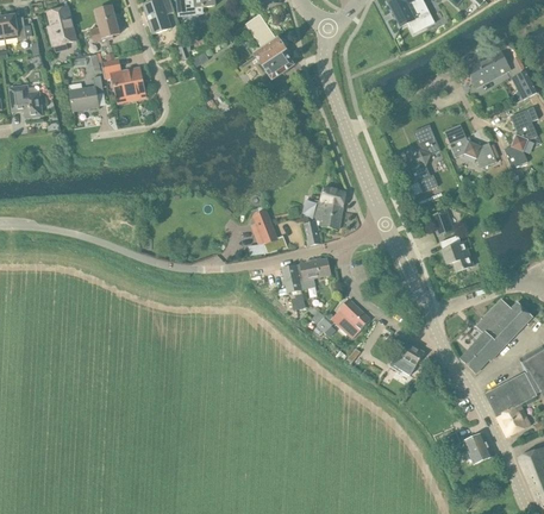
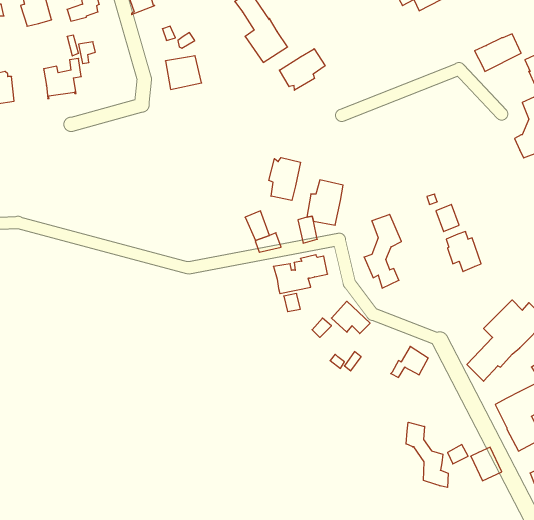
building: none -> [279,49,325,90]
building: [112,68,145,99] -> [165,56,202,89]
building: [406,124,440,192] -> [364,214,401,288]
building: [444,124,496,168] -> none
building: none -> [269,158,300,200]
building: none -> [406,422,448,487]

